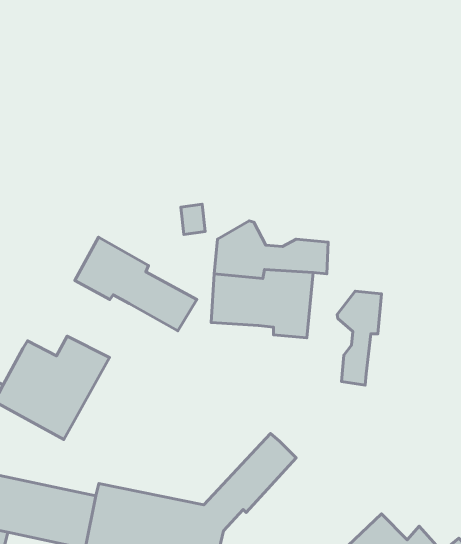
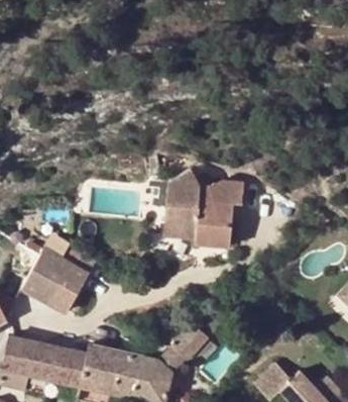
building: [75,237,197,331] -> none
building: [337,291,381,385] -> none

